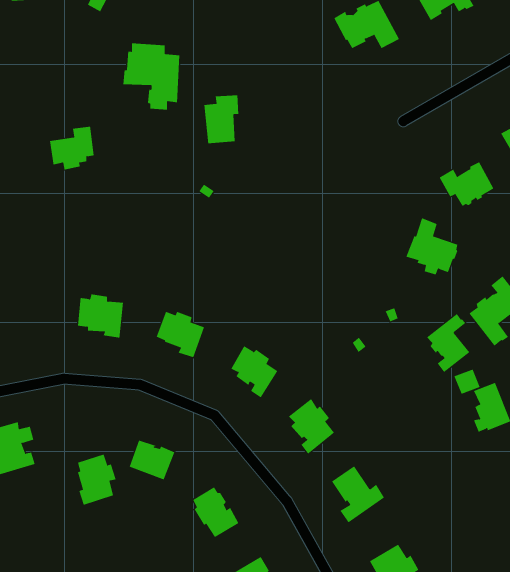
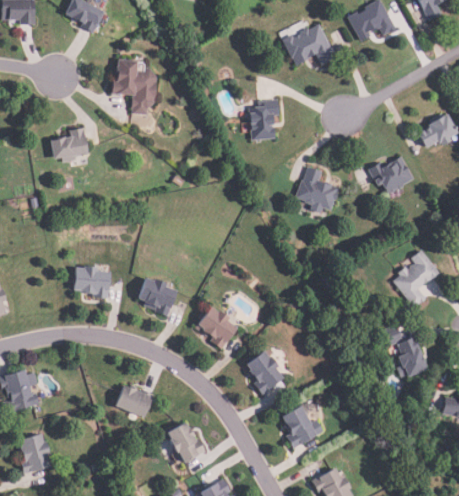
building: [204,95,239,144] -> [249,99,278,139]
building: [406,218,458,275] -> [295,165,338,212]
building: [426,313,470,373] -> none
building: [77,454,116,505] -> [19,432,51,474]

